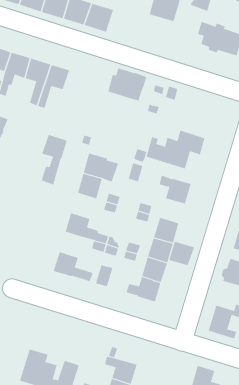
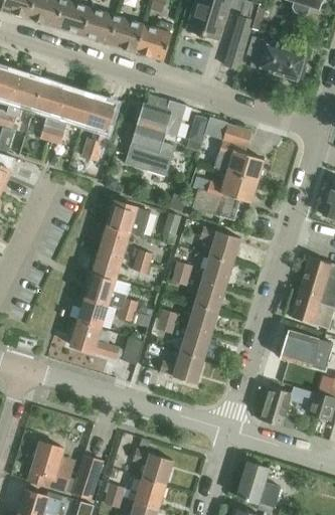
building: none -> [224,17,261,69]
building: none -> [136,20,172,59]
building: none -> [125,124,175,176]
building: none -> [214,124,265,181]
building: [41,134,68,186] -> [81,98,115,161]
building: none -> [92,248,124,281]
building: none -> [77,297,109,328]
building: [169,241,195,266] -> [201,255,233,286]

